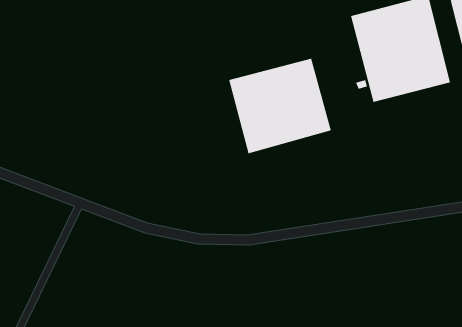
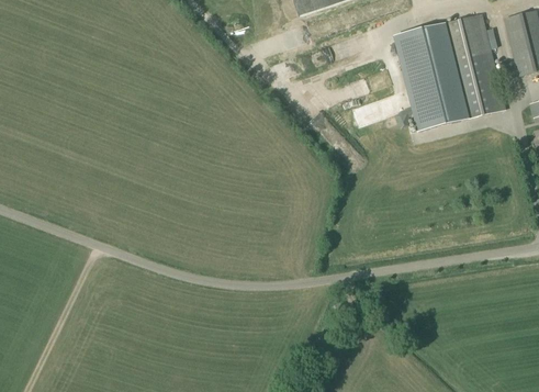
building: [229,58,331,154] -> none

